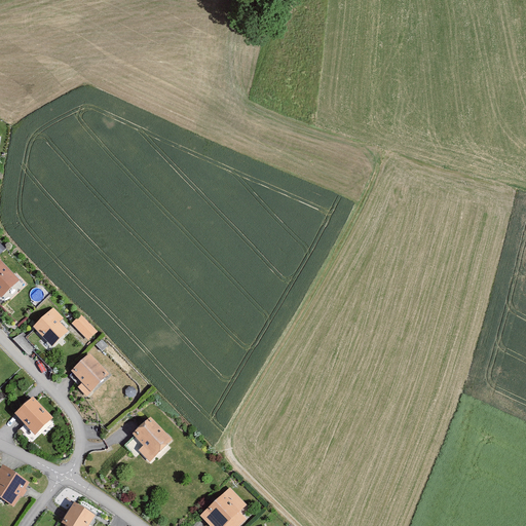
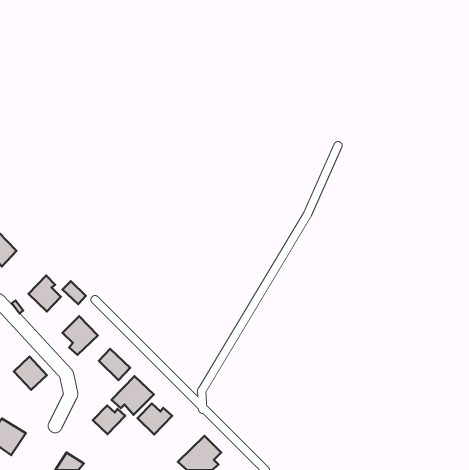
building: none -> [99,349,130,380]
building: none -> [137,404,172,434]
building: none -> [93,406,125,434]

